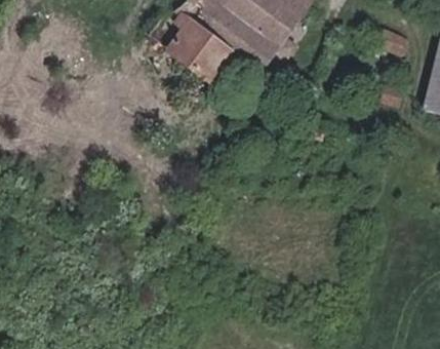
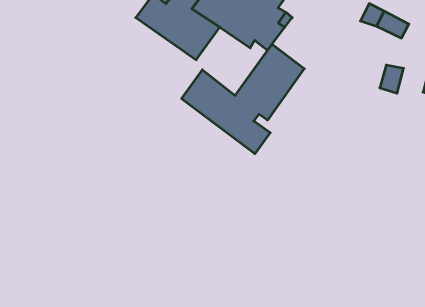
building: none -> [182,44,304,154]

